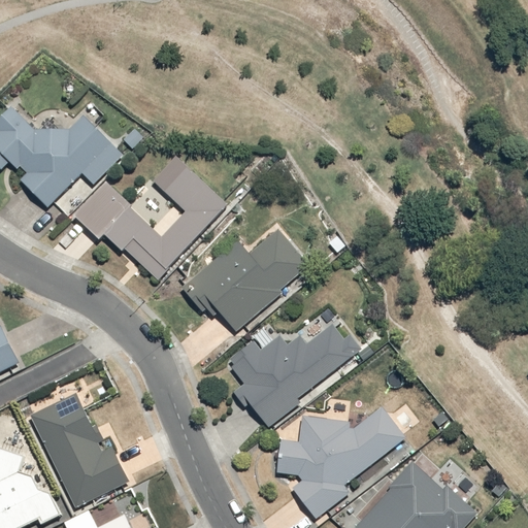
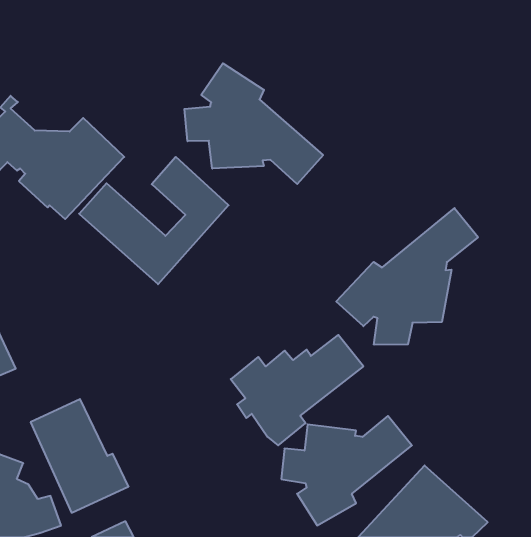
building: none -> [184,63,323,184]
building: none -> [336,208,478,345]
building: [183,241,307,339] -> none

